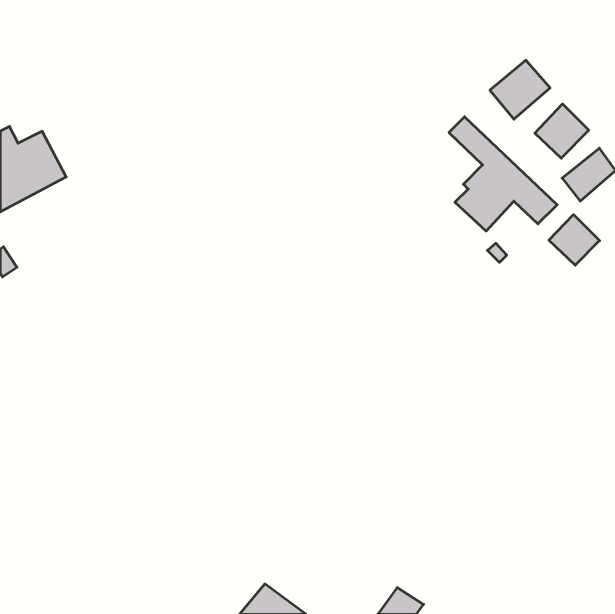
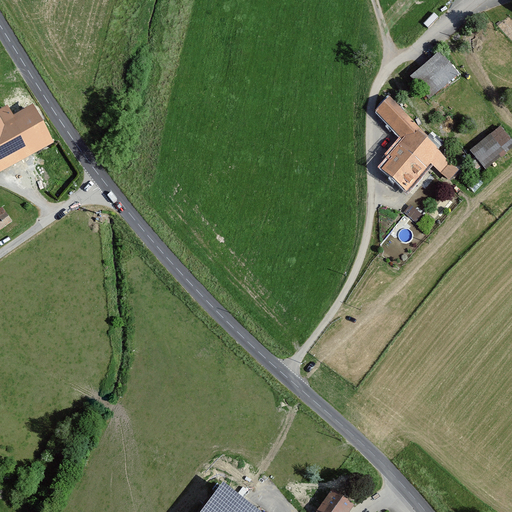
building: [535,104,589,158] -> none
building: [549,215,600,265] -> none

